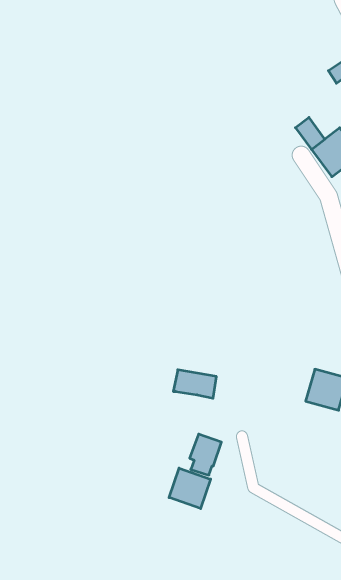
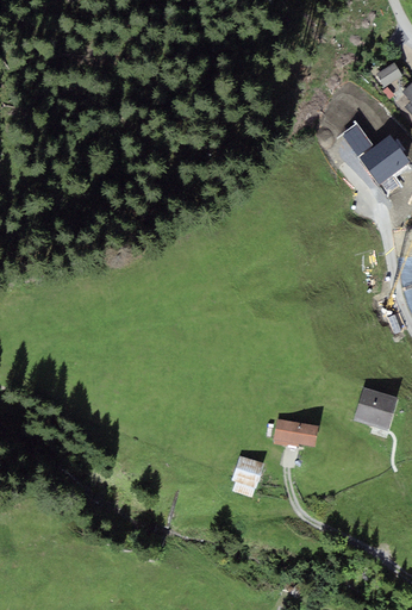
building: [173,370,216,398] -> [273,418,318,448]
building: [169,468,211,509] -> none

